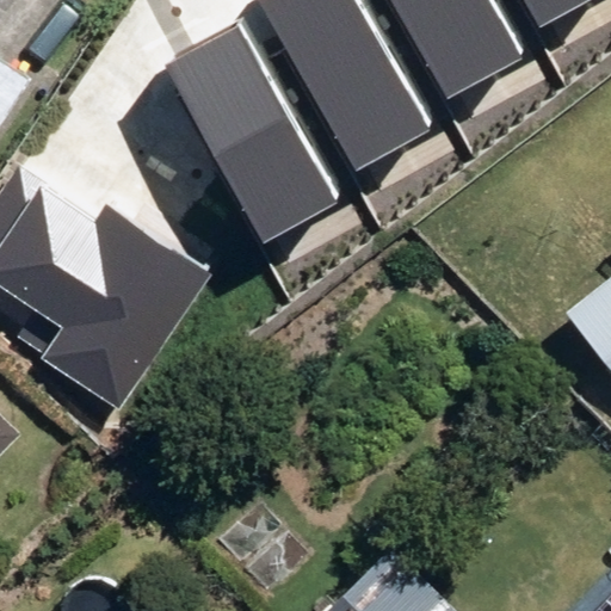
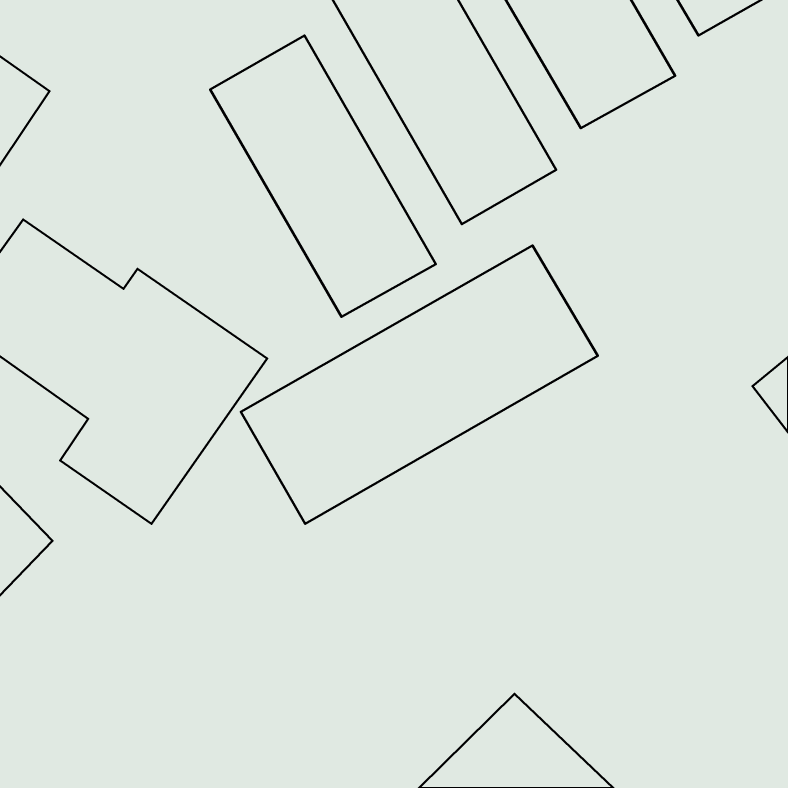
building: none -> [241,245,598,524]

